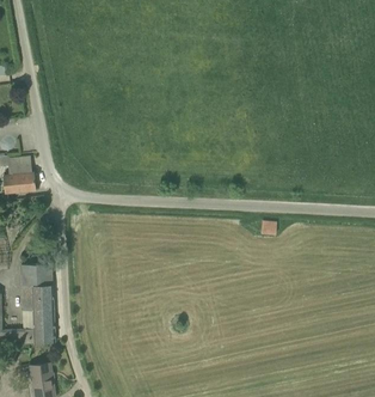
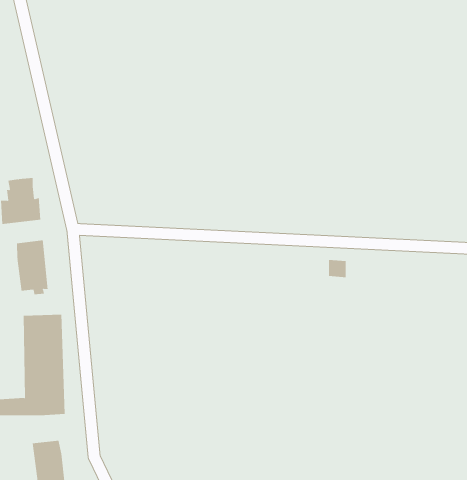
building: none -> [17,240,48,295]

